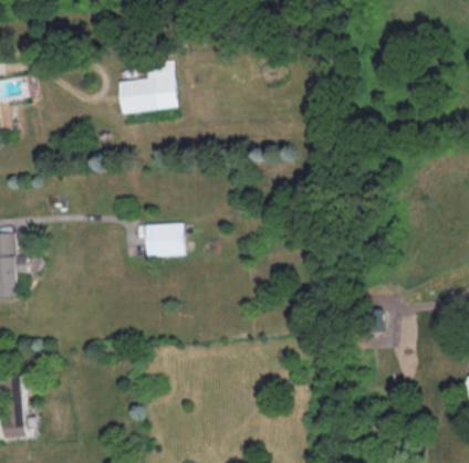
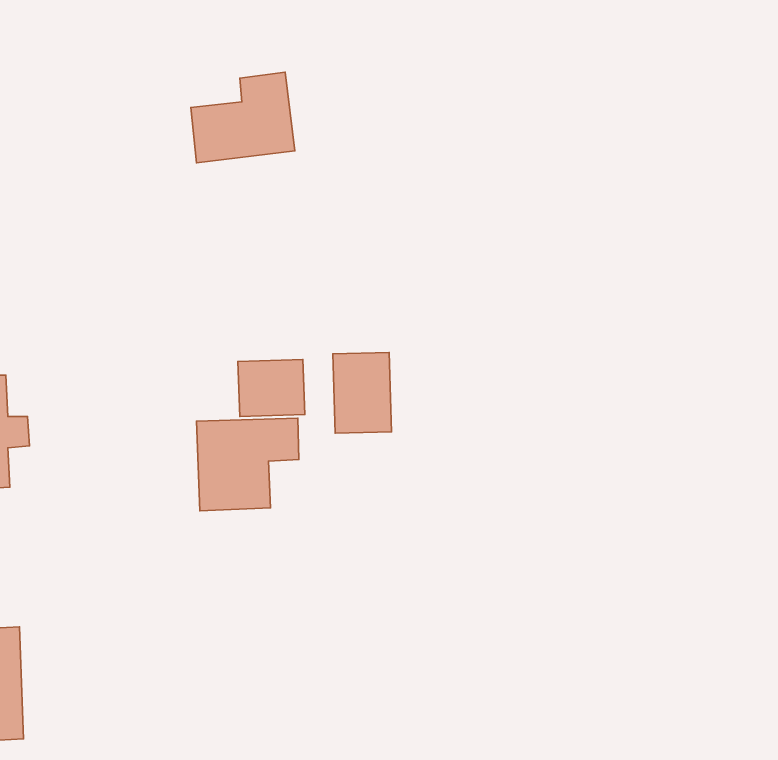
building: none -> [333,352,392,433]
building: none -> [197,418,299,511]

